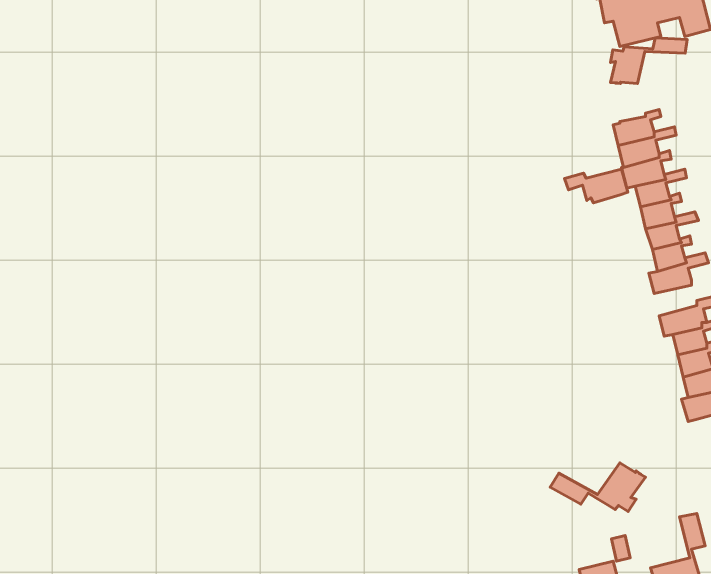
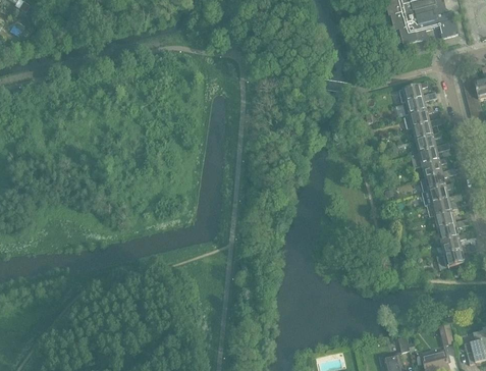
building: [610,38,687,84] -> none
building: [564,169,628,203] -> none
building: none -> [422,182,453,205]
building: [550,463,645,512] -> none

